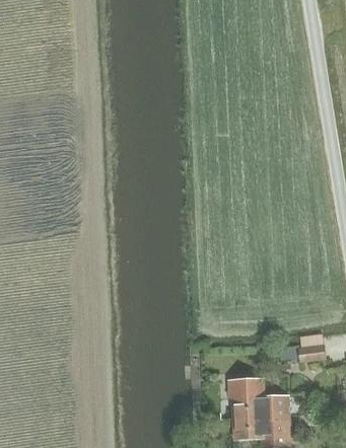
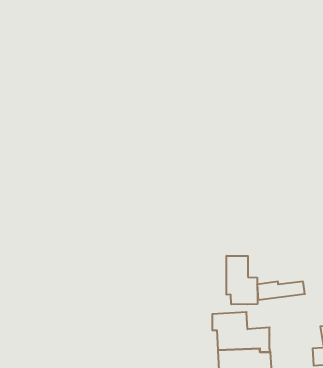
building: none -> [227,256,257,304]

